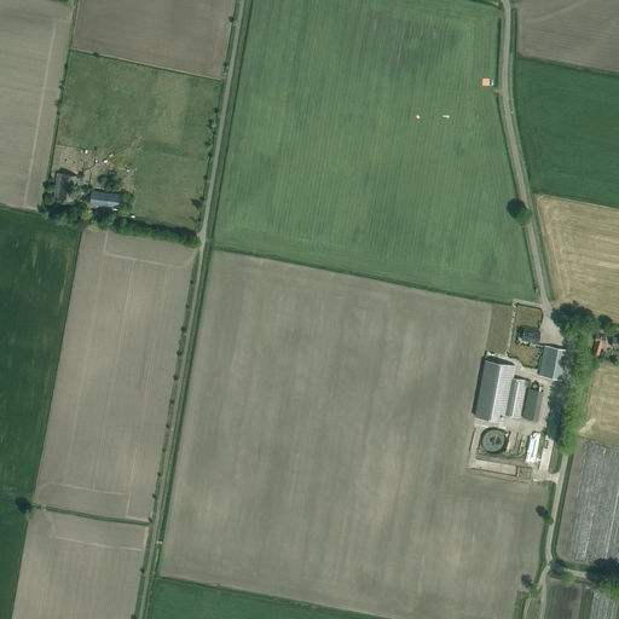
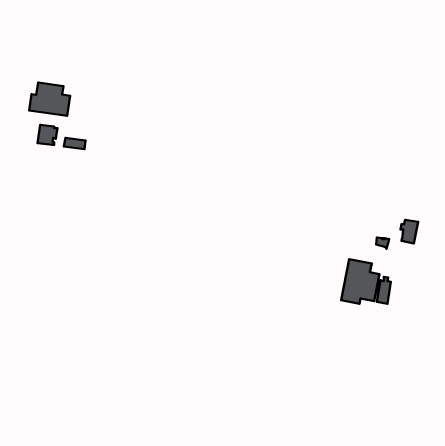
building: none -> [29,82,70,116]
building: [542,347,566,380] -> [401,220,418,243]

